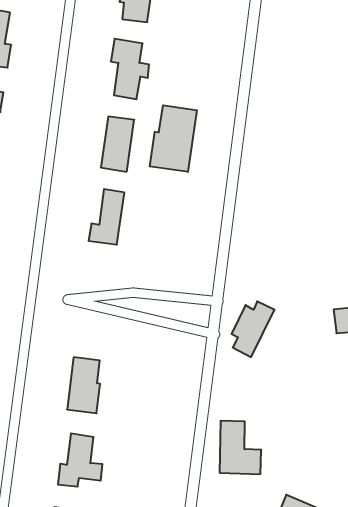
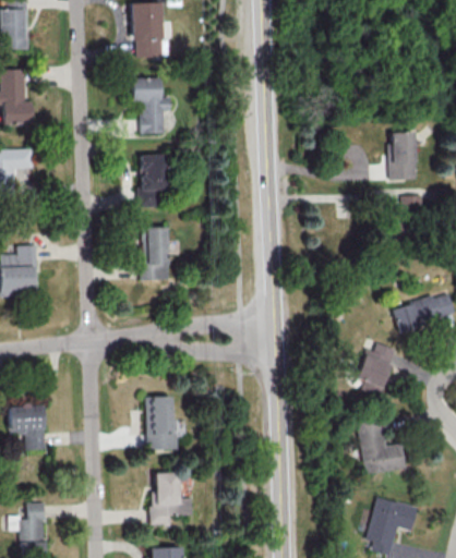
building: [150,105,197,172] -> none
building: [232,301,275,357] -> [358,343,396,399]
building: [220,421,261,474] -> [358,420,406,474]

